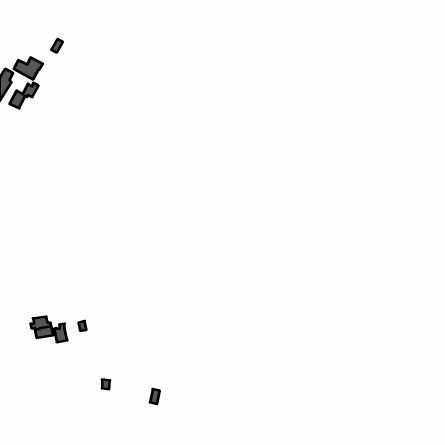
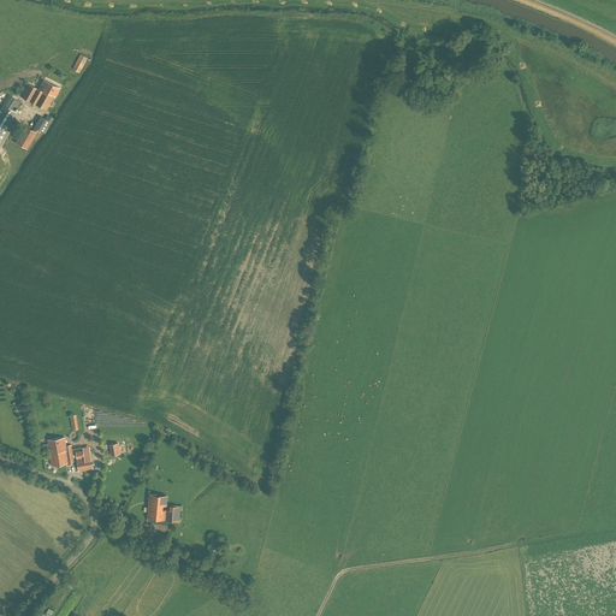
building: none -> [146,494,179,522]

